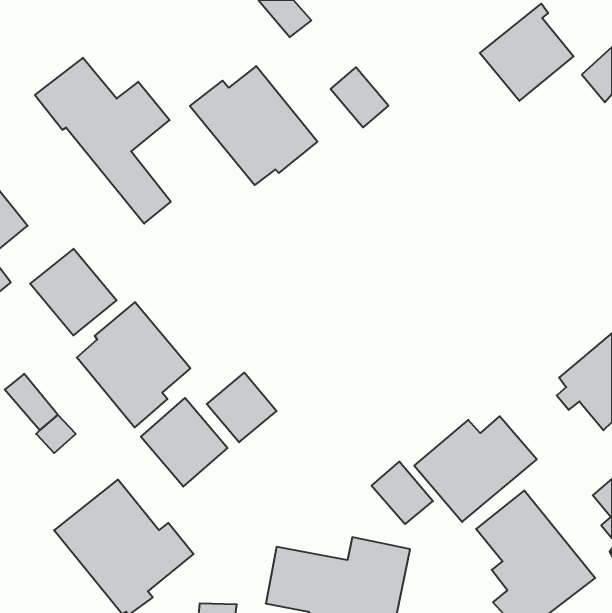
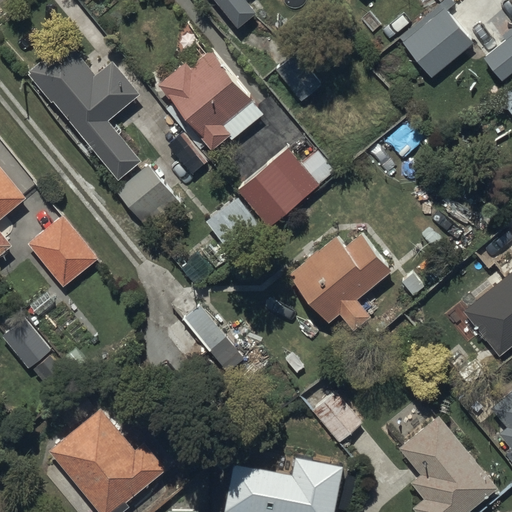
building: none -> [240,141,336,232]
building: none -> [118,167,185,236]
building: [77,302,190,427] -> none
building: [141,398,227,487] -> none
building: [414,416,537,522] -> [293,240,395,328]

